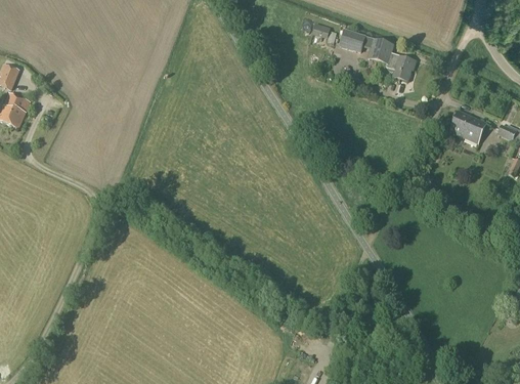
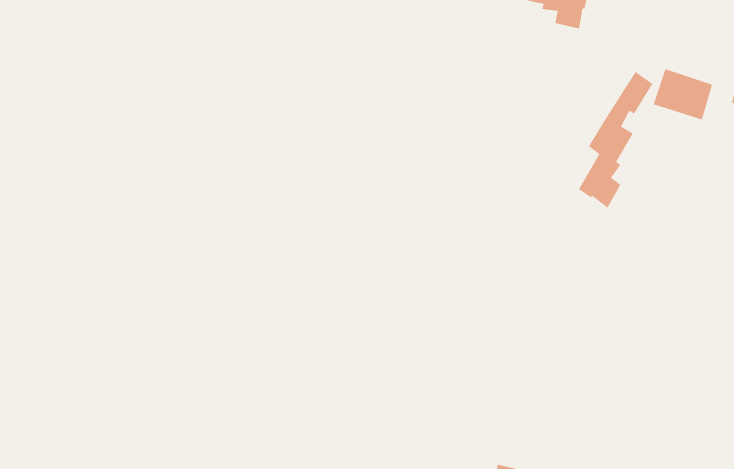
building: none -> [578,71,653,208]

